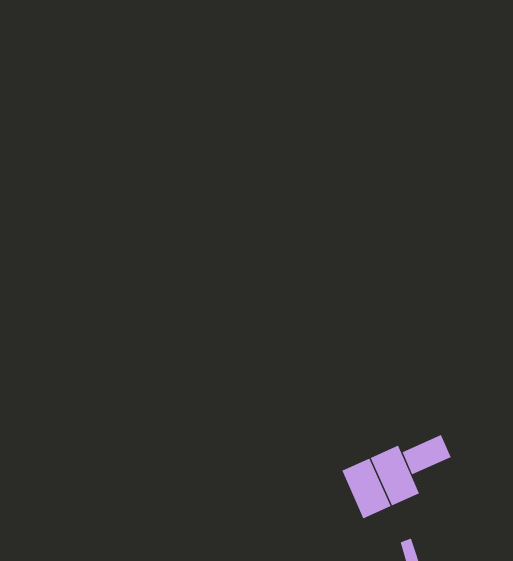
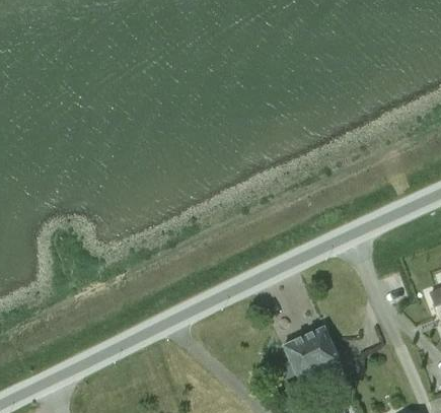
building: [402,434,451,475] -> none

